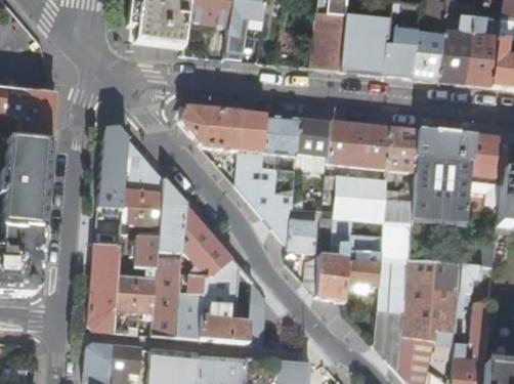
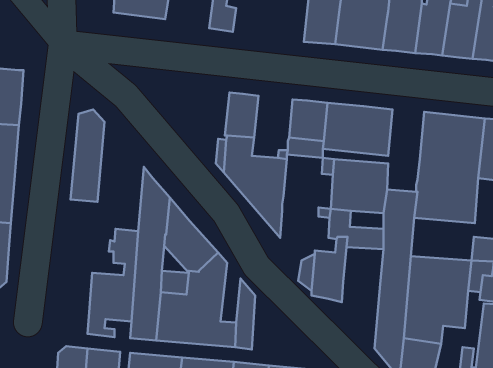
building: [182,108,243,152] -> none
building: [265,116,300,157] -> none
building: [387,128,420,173] -> none
building: [122,139,165,229] -> none
building: [288,220,319,253] -> none
building: [89,245,120,332] -> none
building: [346,253,383,287] -> none

